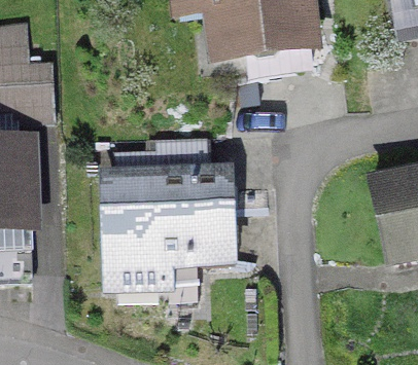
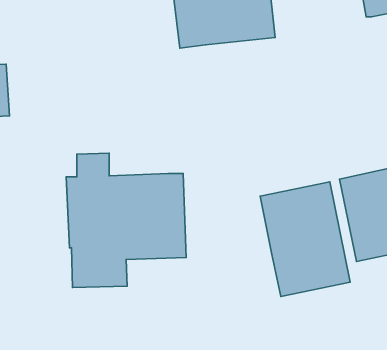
building: none -> [260,182,350,297]

